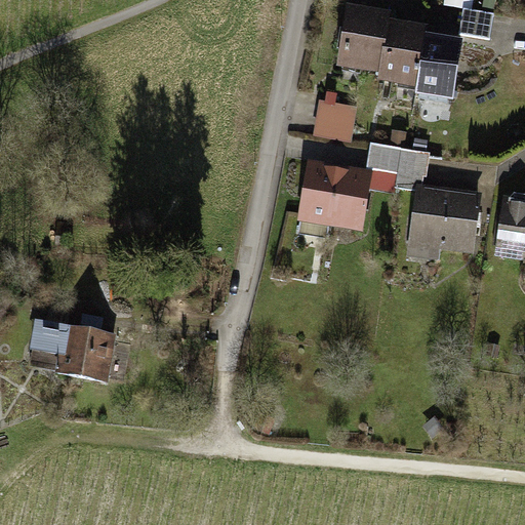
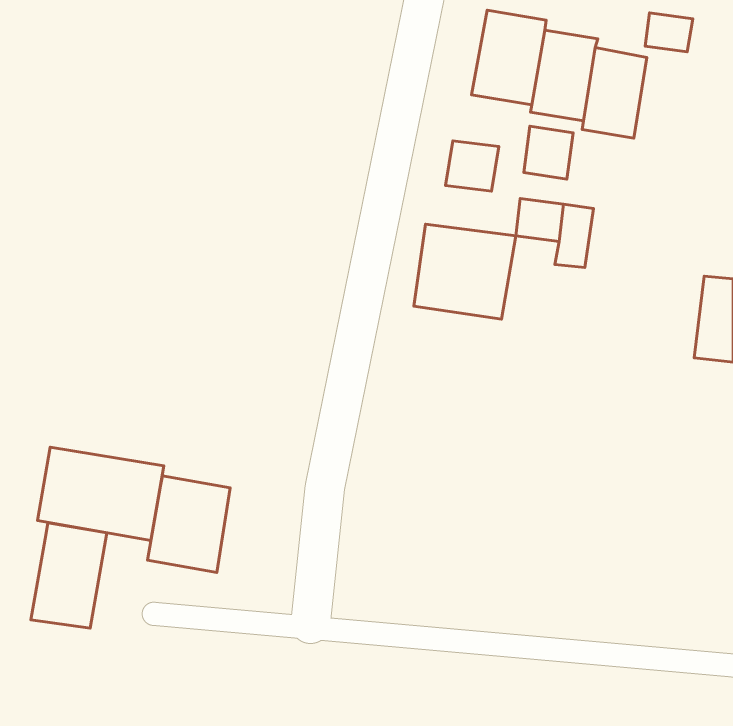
building: none -> [524,126,573,179]
building: [412,183,486,254] -> none
building: none -> [148,476,230,572]
building: none -> [31,523,107,628]

